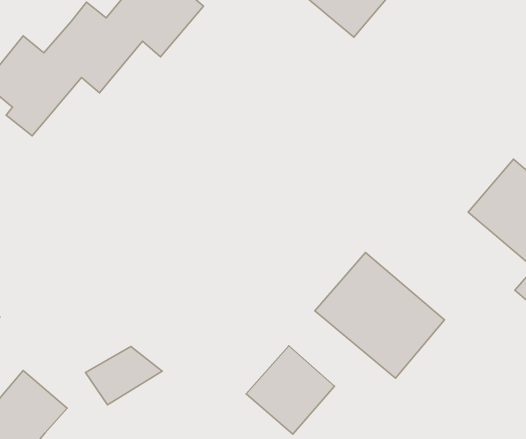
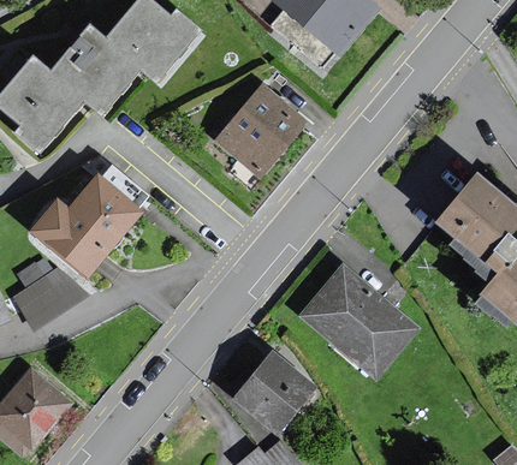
building: none -> [210,88,303,181]
building: none -> [31,178,139,276]
building: [85,346,162,405] -> [13,273,84,327]

